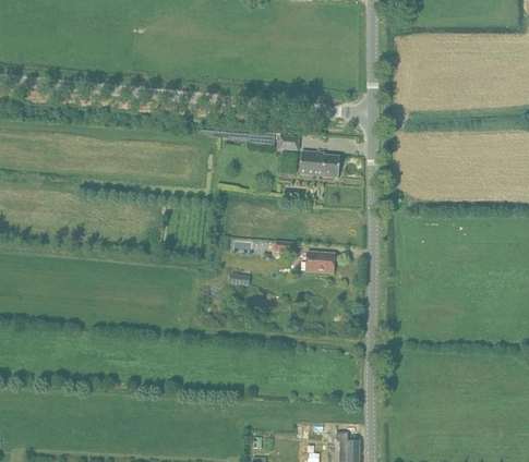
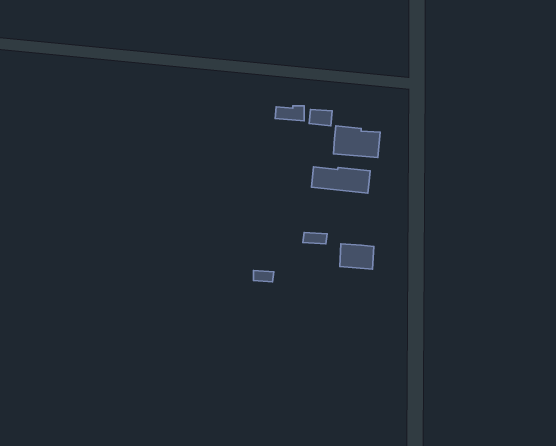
building: none -> [312,167,370,193]

